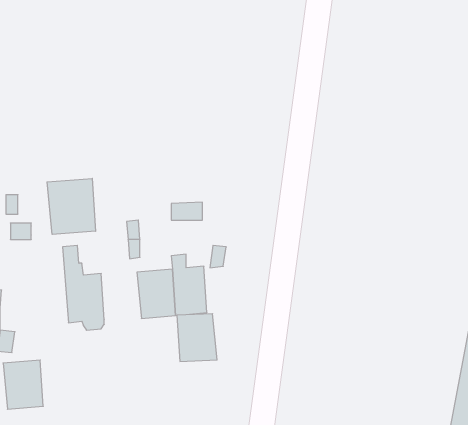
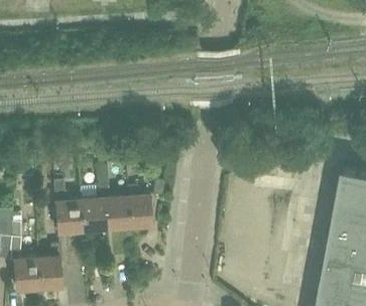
building: [47,178,96,234] -> none
building: [177,314,217,361] -> [81,200,108,233]
building: none -> [39,246,62,291]

